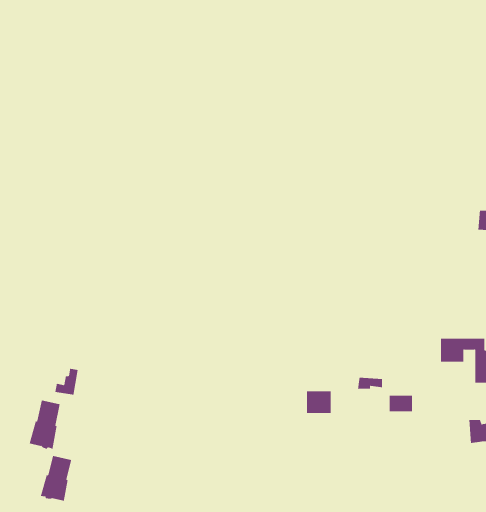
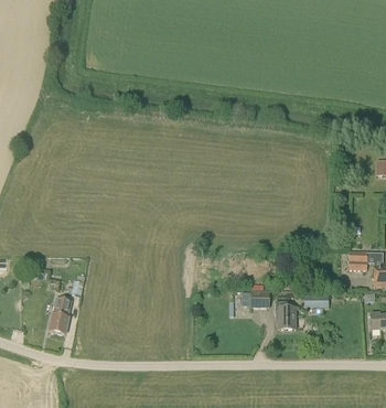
building: none -> [275,301,296,329]
building: [40,455,72,501] -> none

